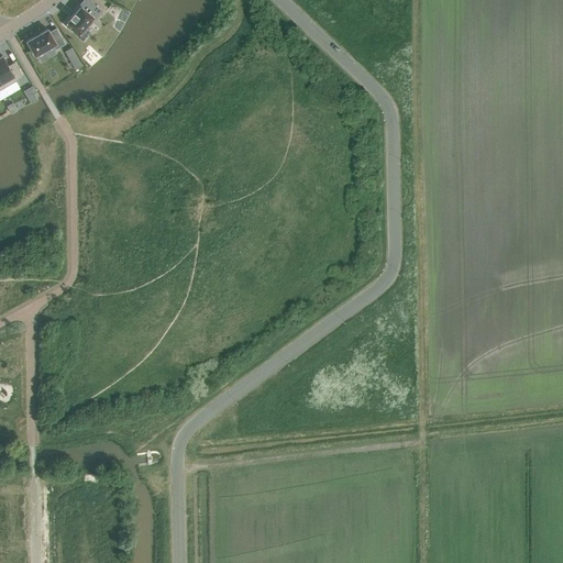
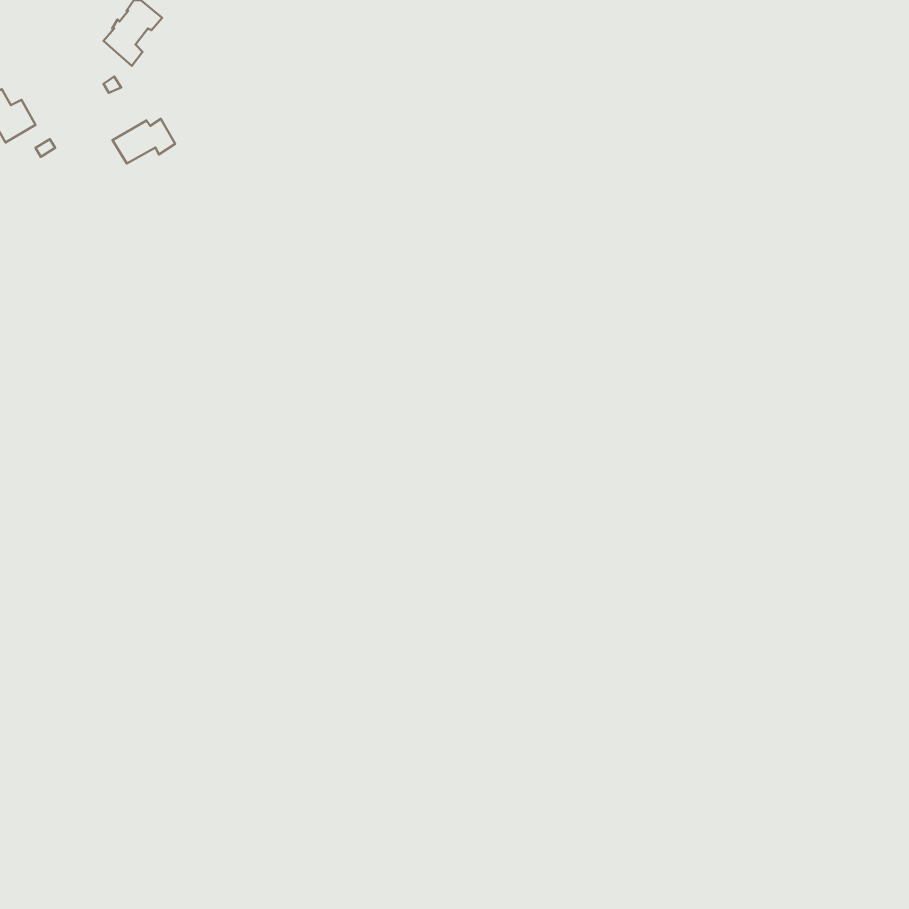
building: [25,29,64,56] -> [113,119,175,163]

